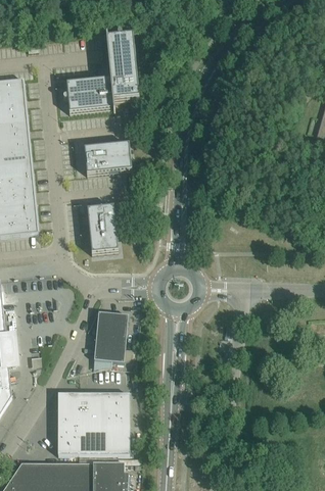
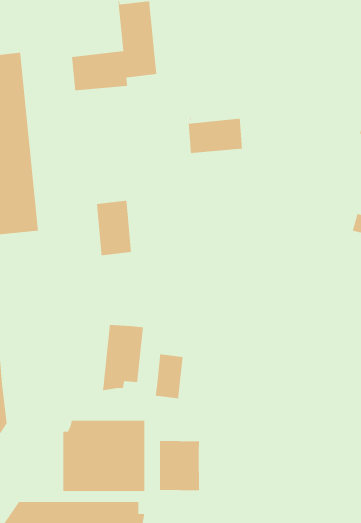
building: [84,142,131,174] -> [188,117,243,154]
building: none -> [155,353,183,399]
building: none -> [159,440,200,491]

